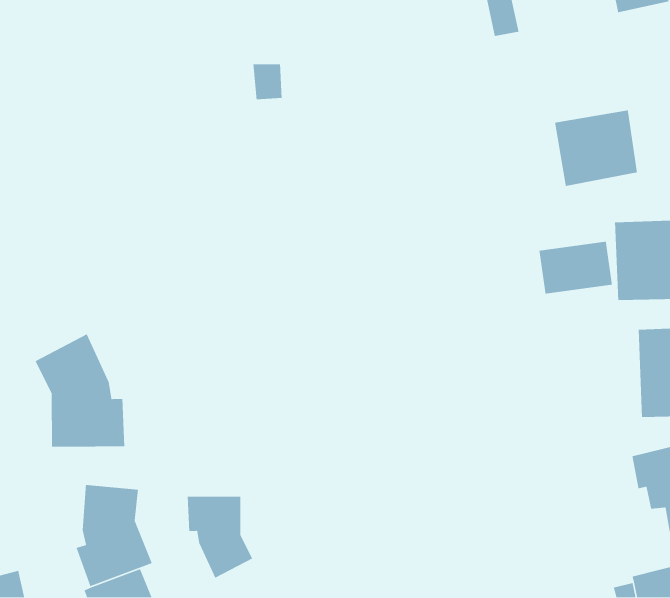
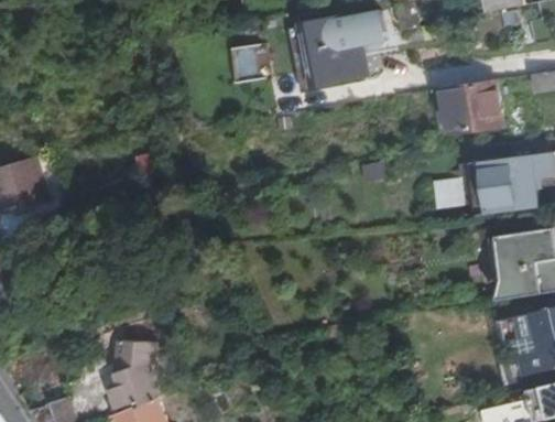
building: none -> [300,11,384,86]
building: [35,333,125,448] -> none
building: [187,496,253,579] -> none

